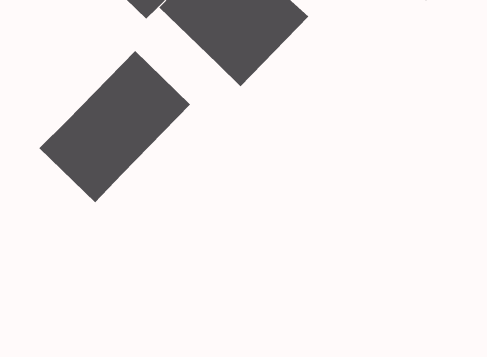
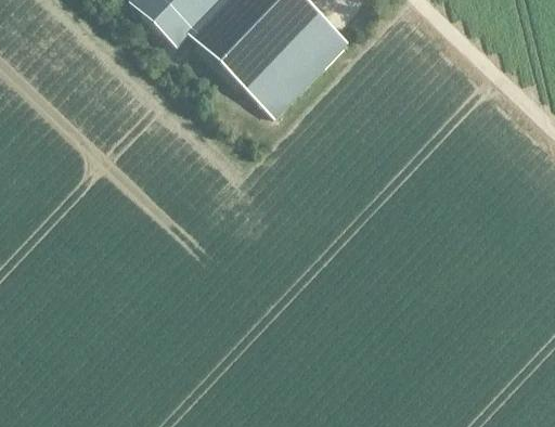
building: [39,50,191,203] -> none

